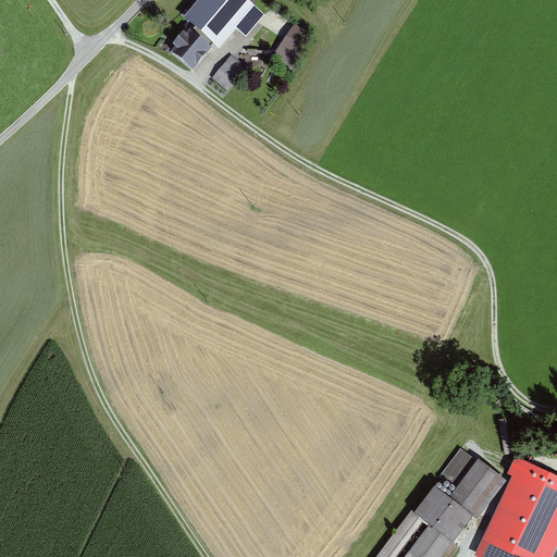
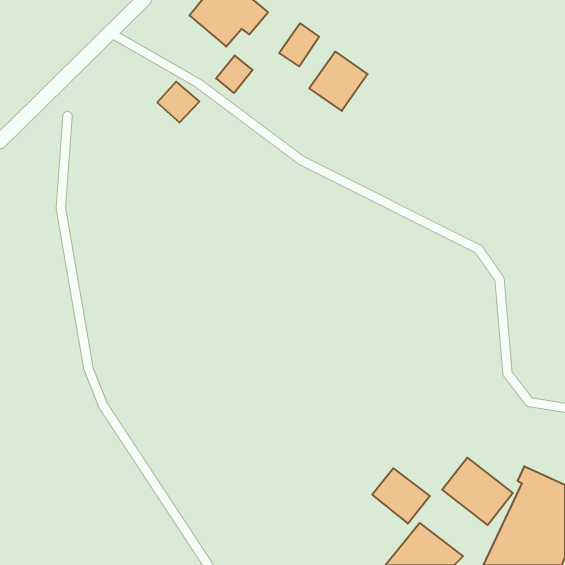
building: [170,27,211,67] -> [157,82,199,123]
building: none -> [309,52,368,111]
building: [414,486,471,541] -> [372,468,430,524]

